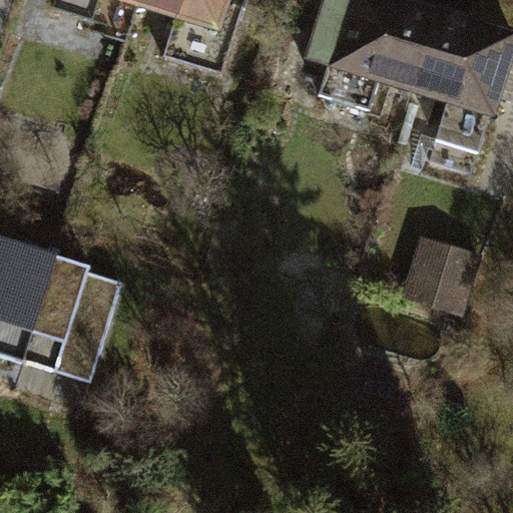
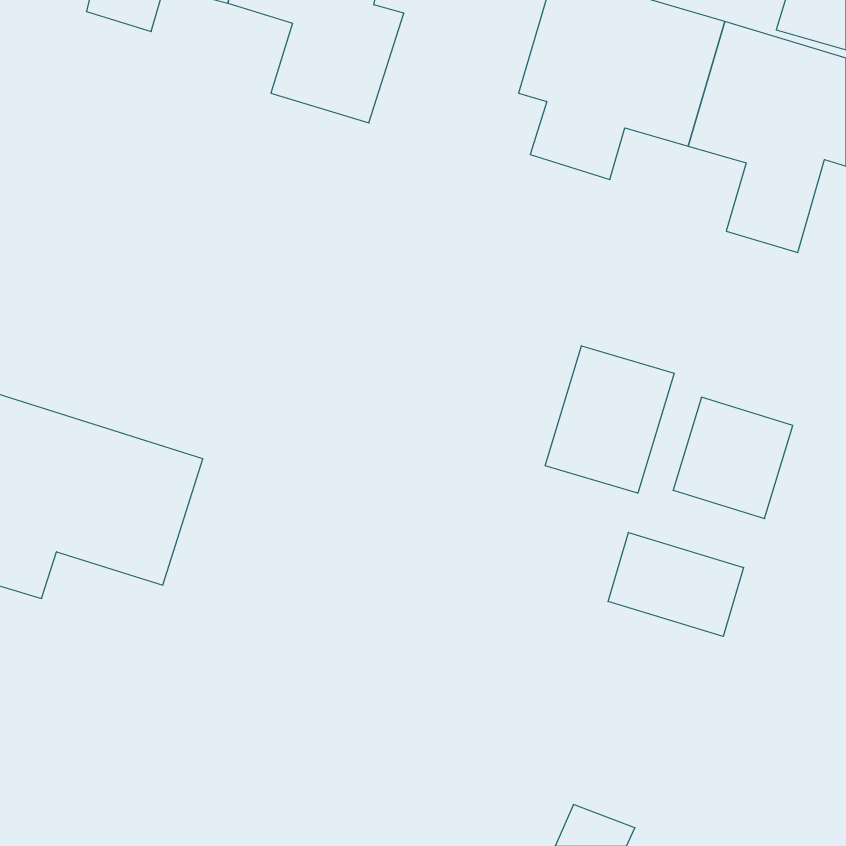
building: none -> [545,346,674,493]
building: none -> [608,532,744,636]

